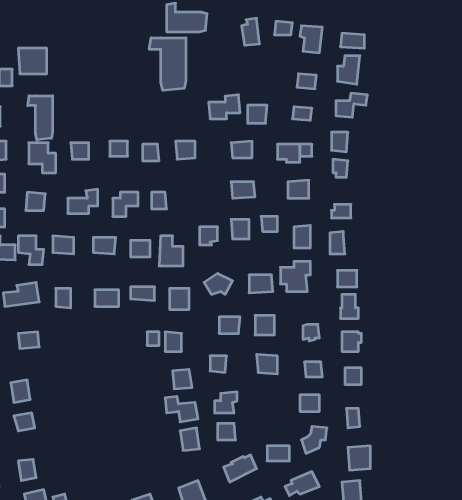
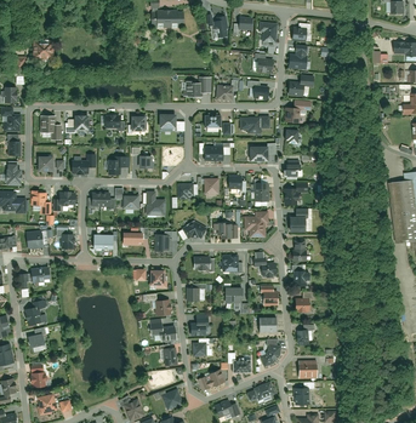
building: [149,38,186,90] -> none
building: [28,96,53,140] -> none

